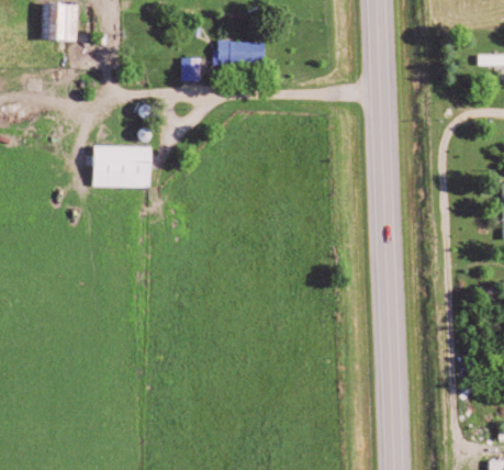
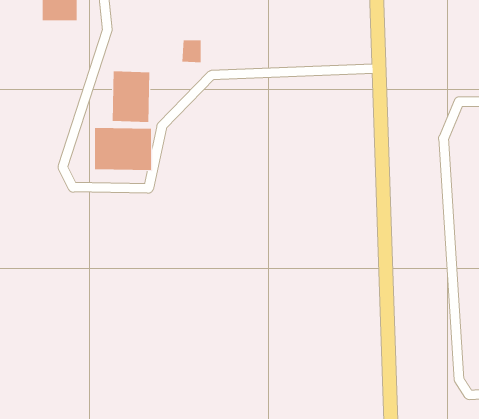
building: [217,42,264,64] -> none
building: none -> [112,70,150,123]

